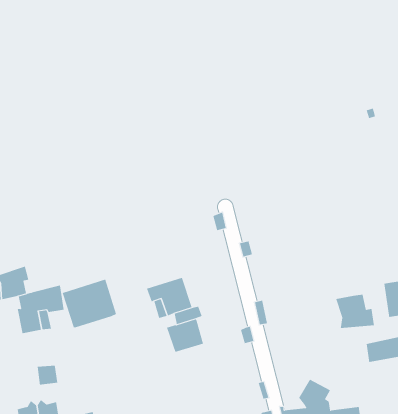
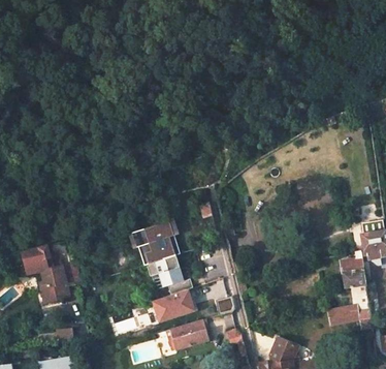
building: [62,279,117,328] -> [134,224,180,265]
building: [336,294,374,329] -> none
building: none -> [168,319,208,350]

